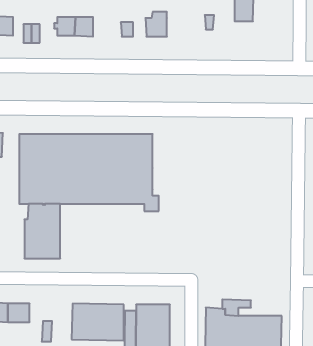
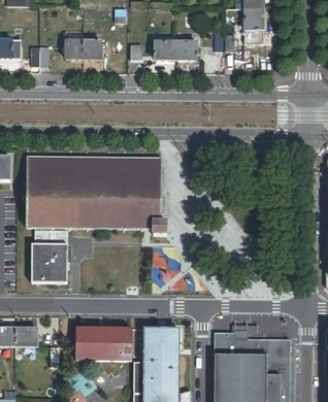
building: none -> [176,34,197,60]

